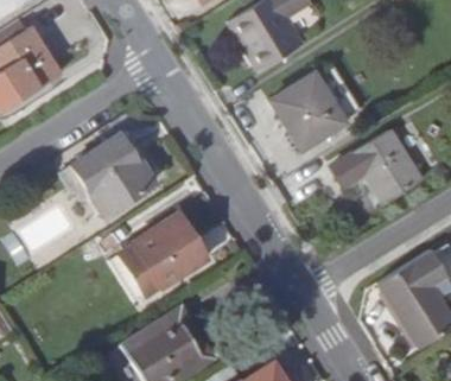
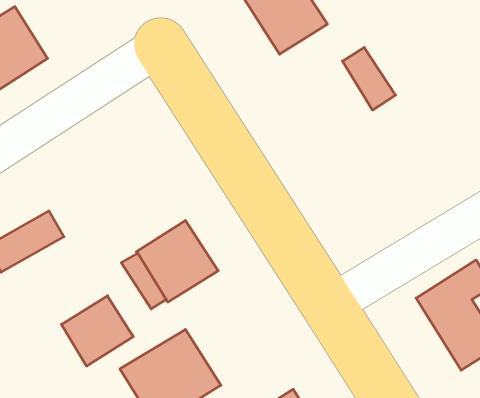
building: [272,75,343,150] -> none
building: [332,132,419,204] -> none
building: [72,136,151,215] -> none
building: none -> [61,296,133,366]

